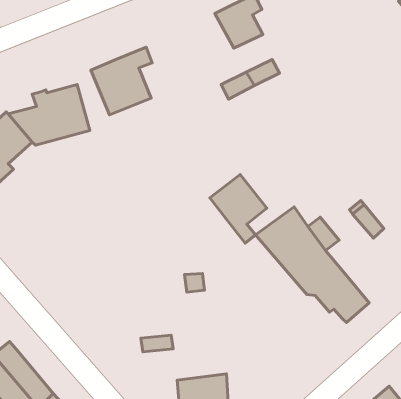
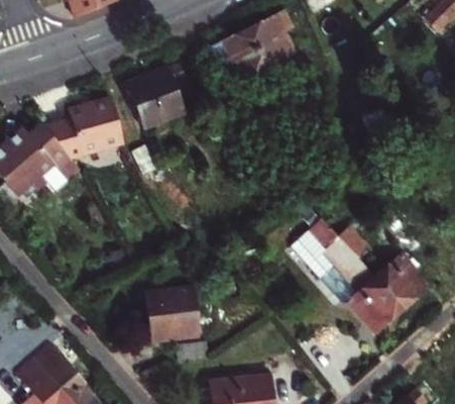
building: none -> [211,30,265,79]
building: [210,175,267,243] -> none
building: none -> [371,258,420,310]
building: none -> [143,287,199,342]

